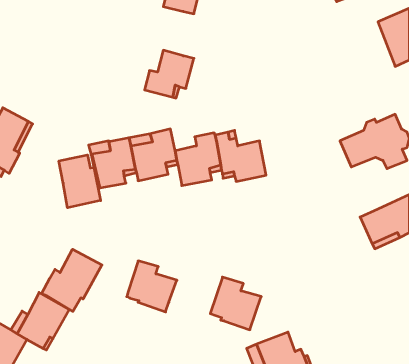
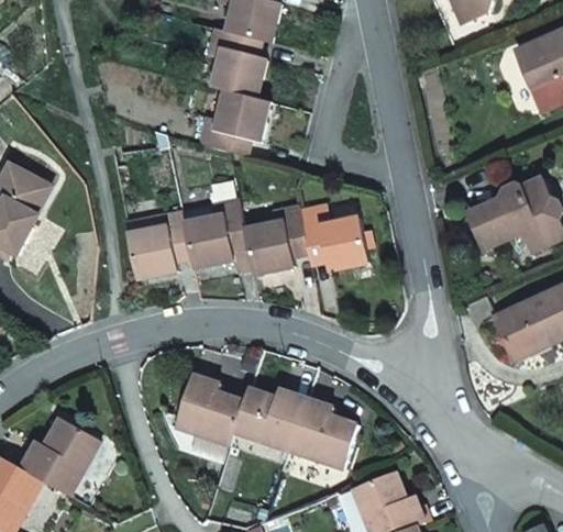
building: none -> [209,27,264,98]
building: [59,155,101,208] -> none
building: [41,249,102,311] -> none
building: none -> [234,388,307,447]

